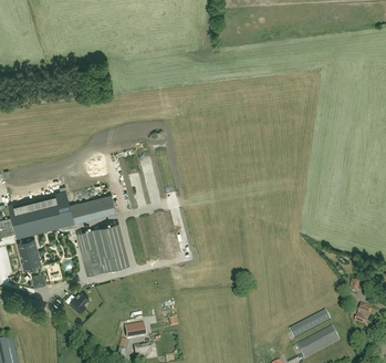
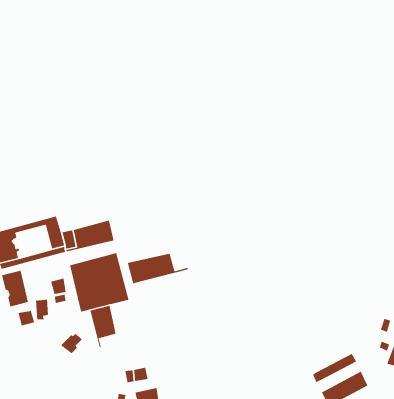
building: [25,200,60,229] -> none
building: none -> [127,253,188,284]
building: none -> [90,305,116,348]

